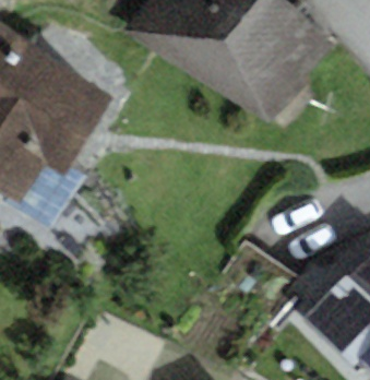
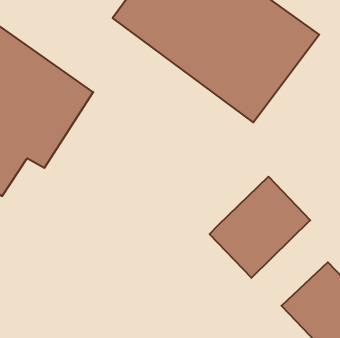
building: none -> [210,177,310,278]

